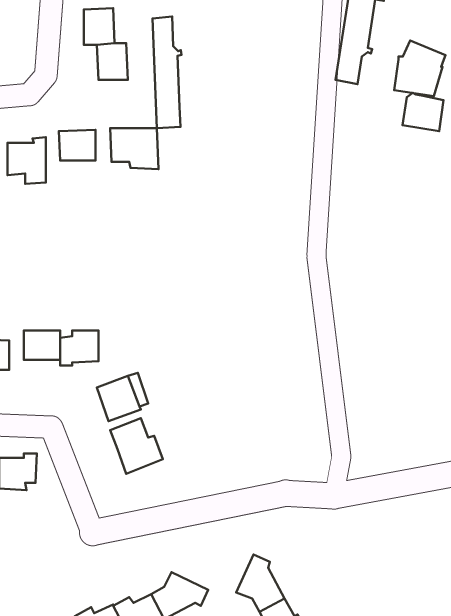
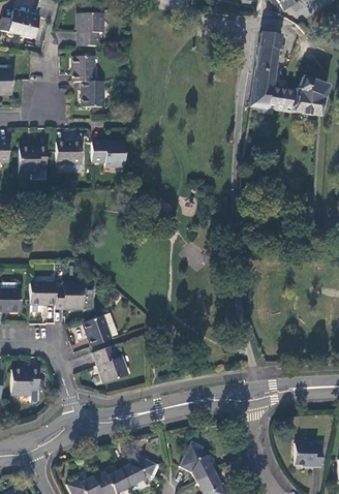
building: [152,17,182,128] -> none
building: [403,93,444,131] -> [266,86,295,113]
building: none -> [295,442,320,464]

